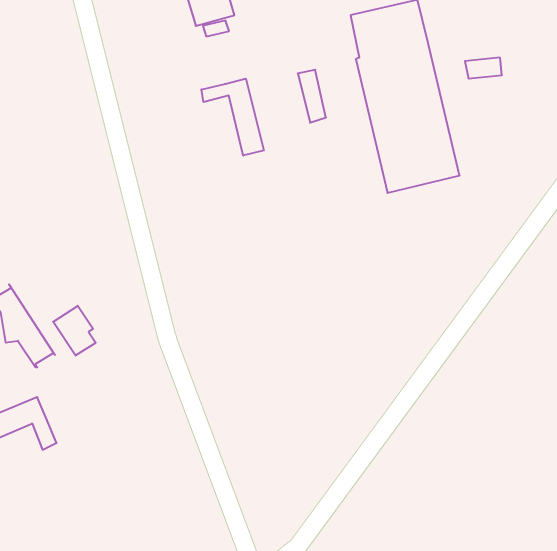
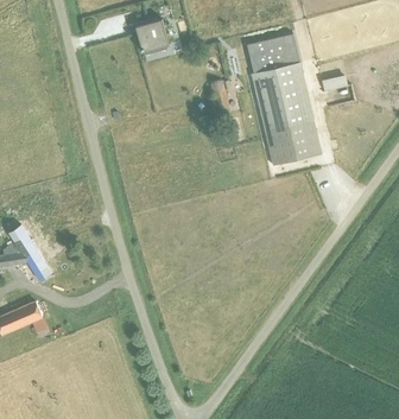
building: [201,79,264,156] -> none
building: [53,306,96,356] -> none

